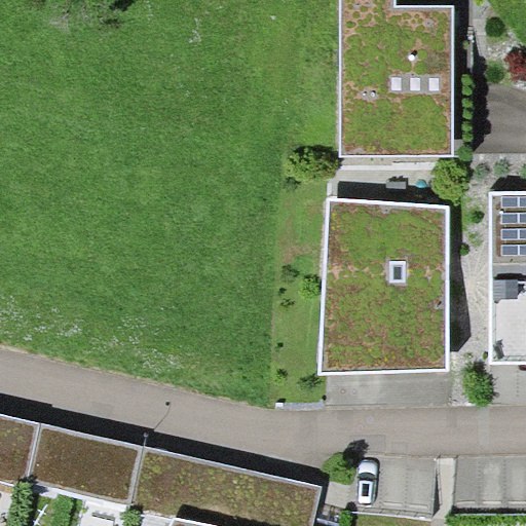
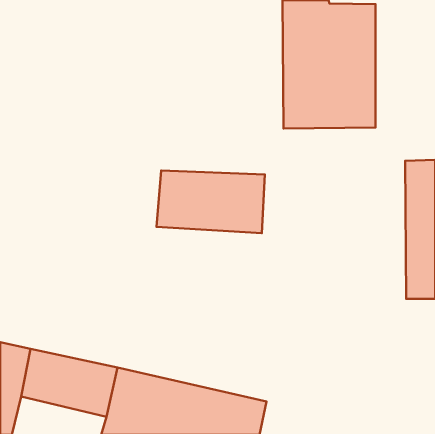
building: [321,200,448,374] -> none
building: none -> [157,171,265,233]

